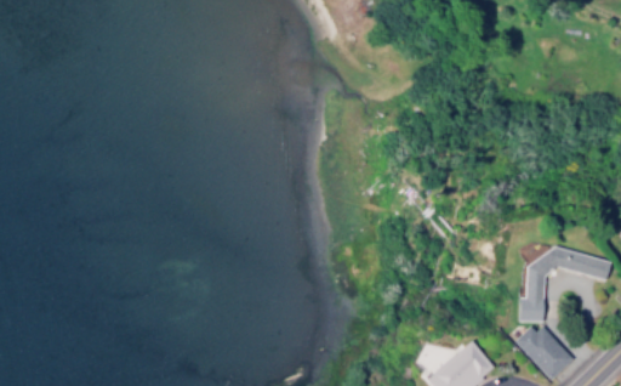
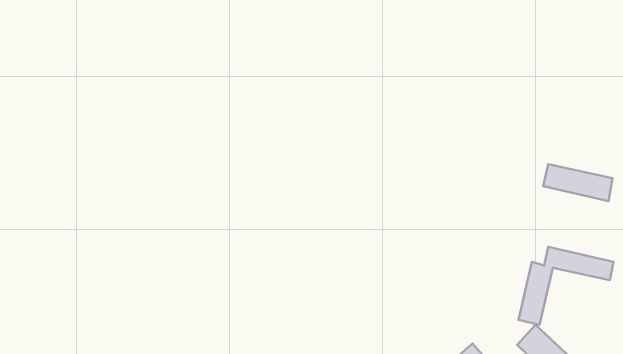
building: none -> [543,164,612,201]

